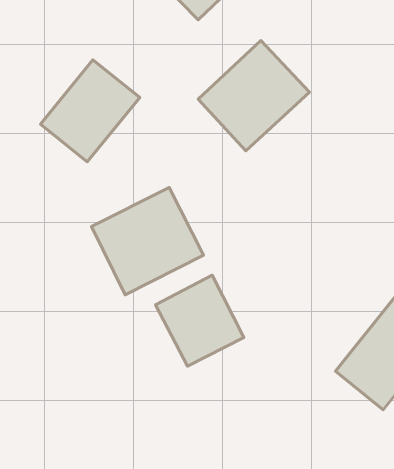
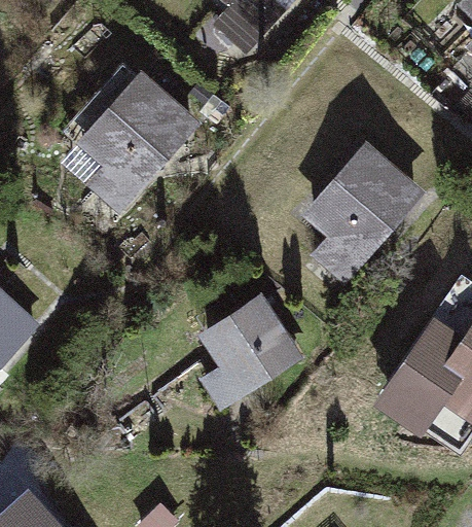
building: [198,41,309,151] -> [305,147,421,261]
building: [91,187,204,295] -> none

